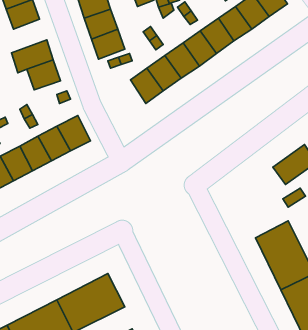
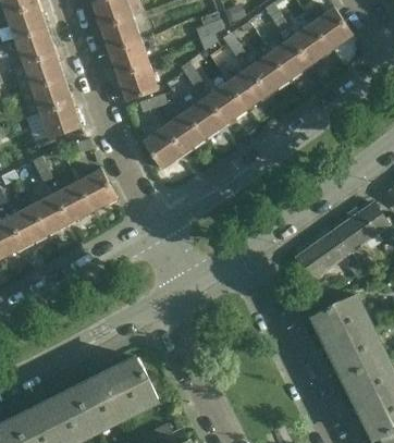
building: none -> [13,53,64,94]
building: none -> [143,126,183,169]
building: none -> [296,231,350,280]

